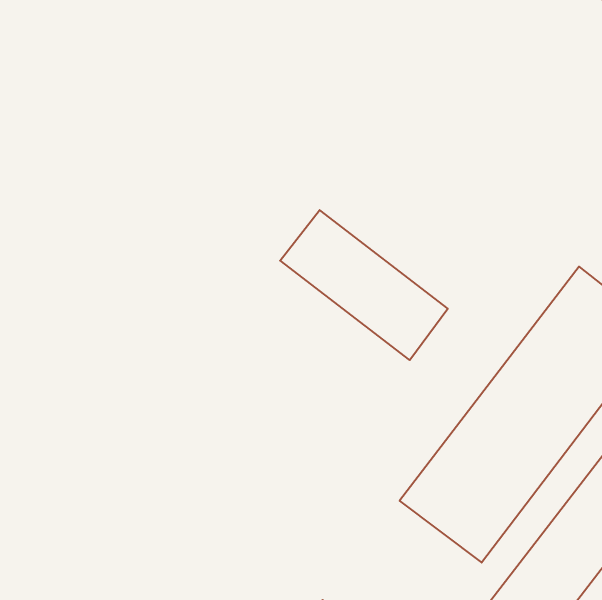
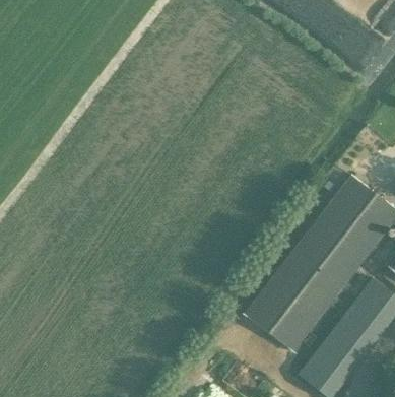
building: [280,210,448,360] -> none

